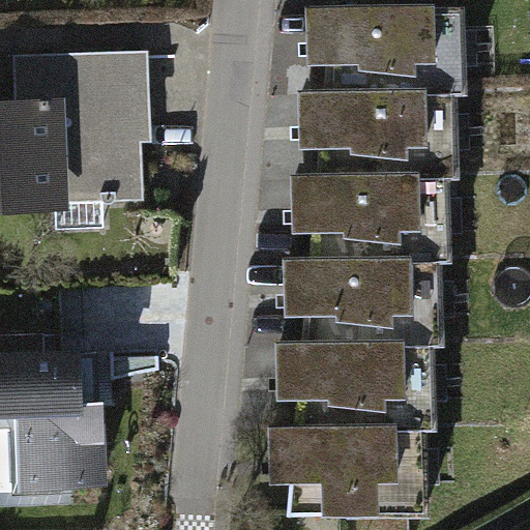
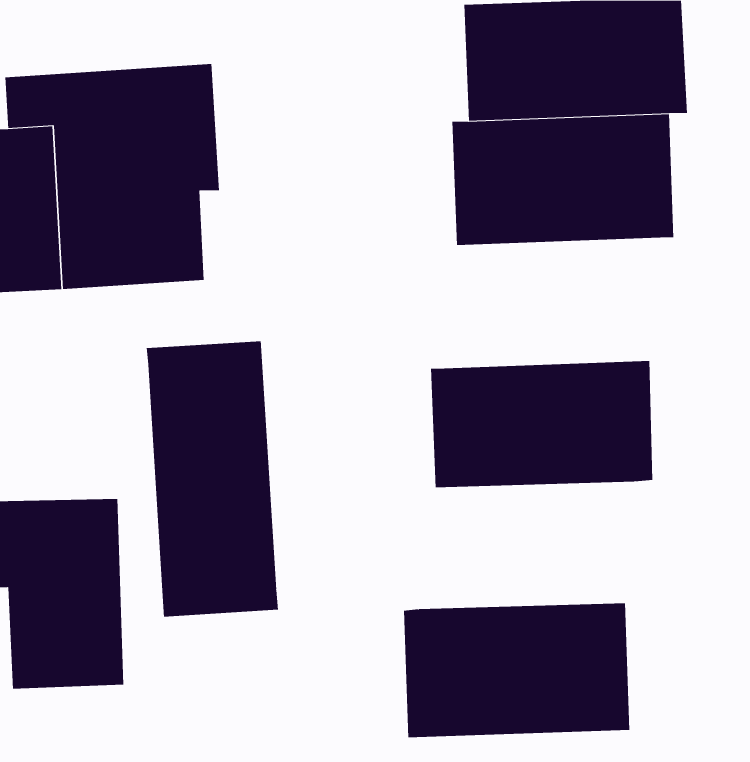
building: [300,171,454,260] -> none
building: none -> [146,341,279,617]
building: [284,337,437,424] -> none

